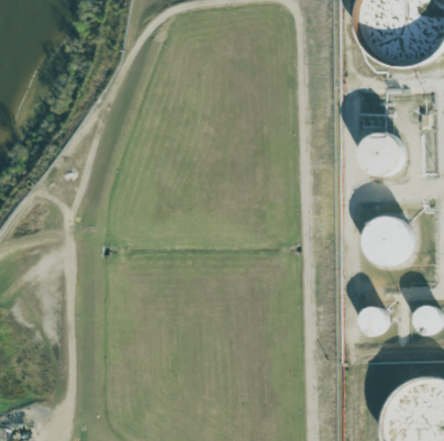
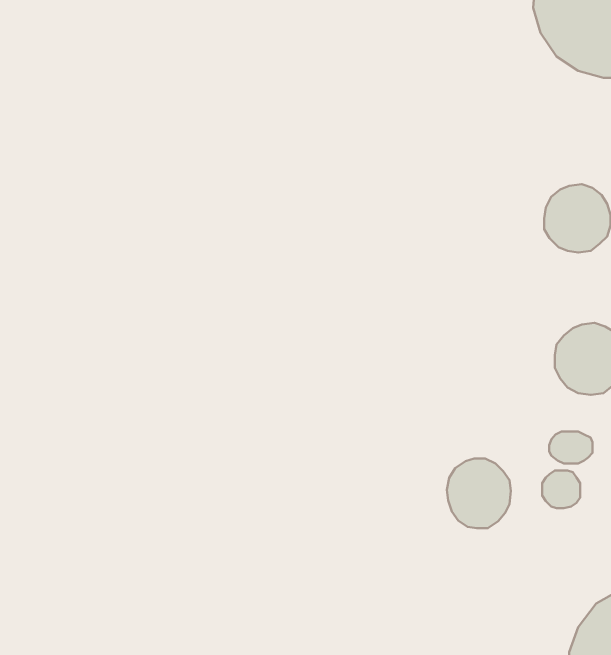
building: none -> [549,432,592,464]
building: none -> [447,458,511,528]

